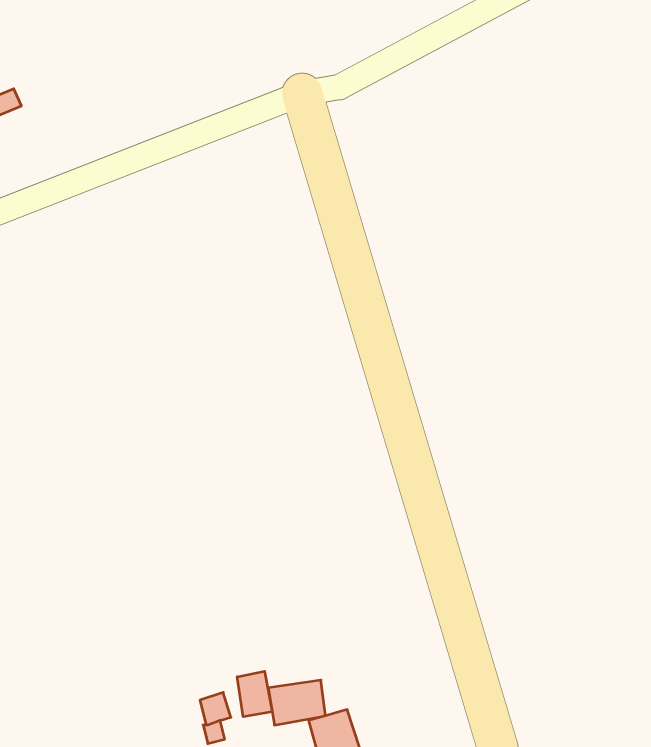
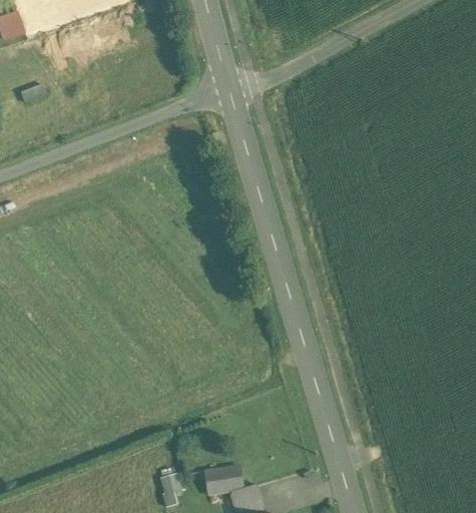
building: [237,671,272,717] -> none

